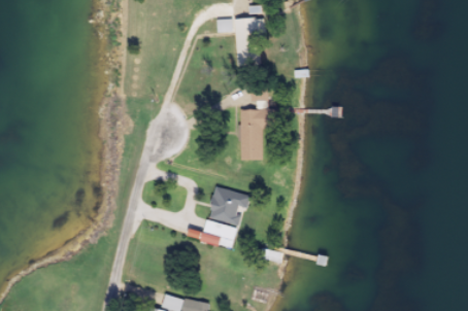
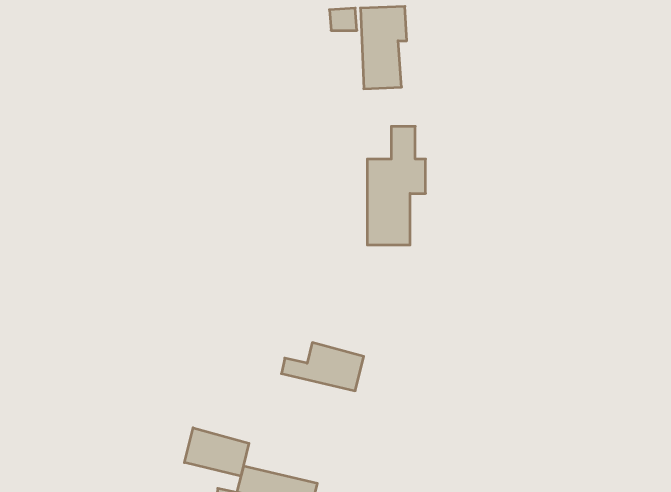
building: [207,187,250,226] -> none
building: none -> [184,428,249,476]

